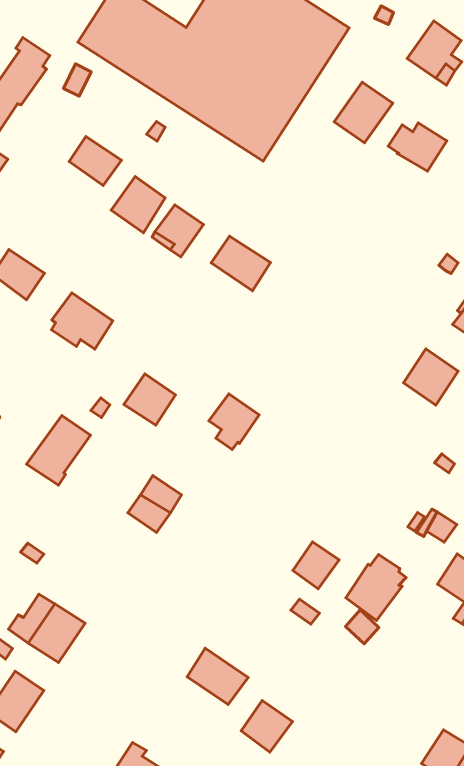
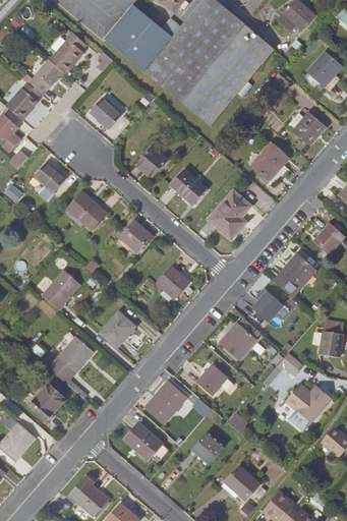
building: [334,82,393,143] -> [250,142,288,180]
building: [111,177,165,233] -> none
building: none -> [208,190,250,239]
building: [124,374,175,425] -> [119,220,152,252]
building: none -> [251,290,283,322]
building: none -> [49,336,93,383]
building: [346,555,406,621] -> [220,317,258,358]
building: none -> [144,381,185,423]
building: none -> [222,466,259,499]
building: [241,700,293,752] -> [191,431,224,464]

